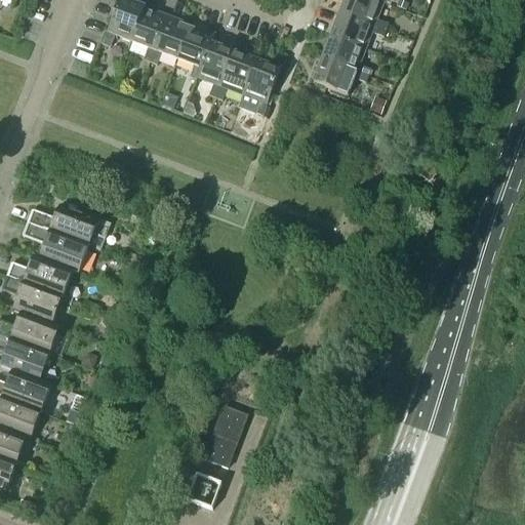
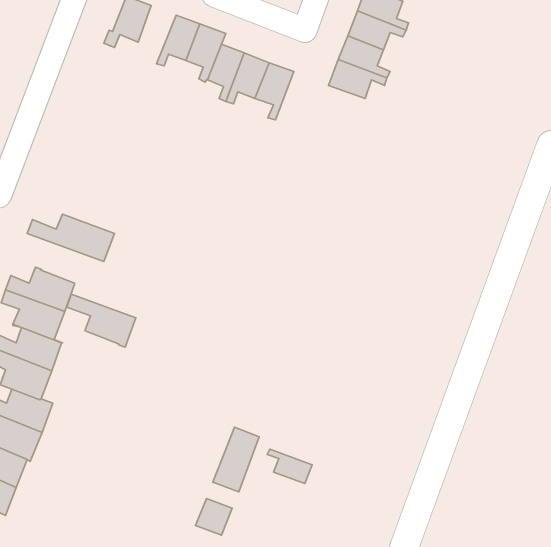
building: [131,5,167,60] -> none
building: [22,221,87,272] -> [67,294,136,347]
building: none -> [267,449,312,483]

